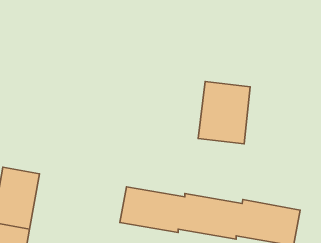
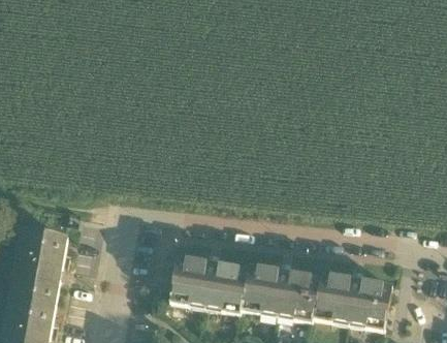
building: [198,82,250,144] -> none

